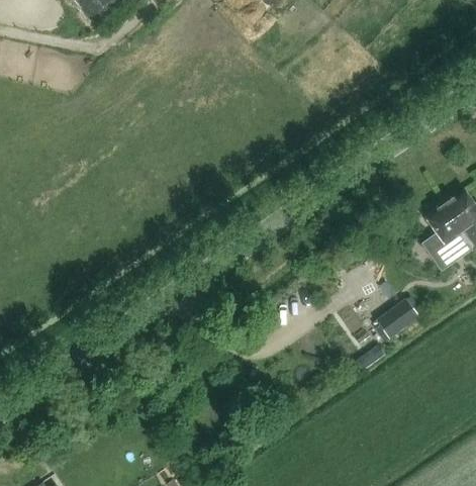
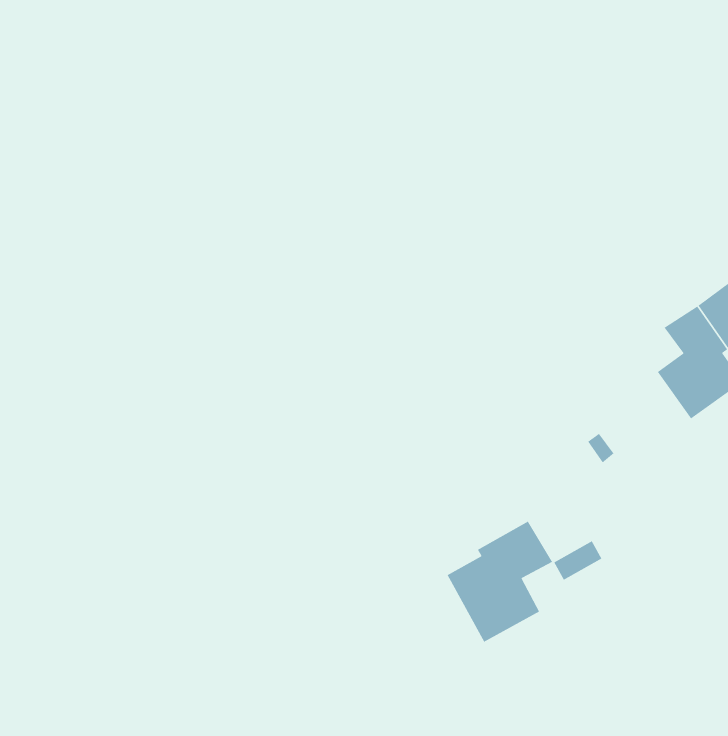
building: [376,298,419,338] -> none
building: none -> [446,520,553,643]

